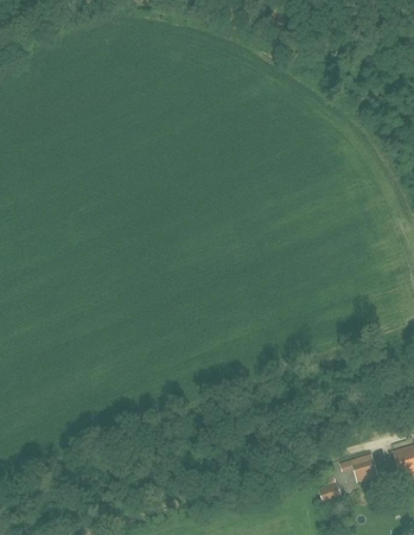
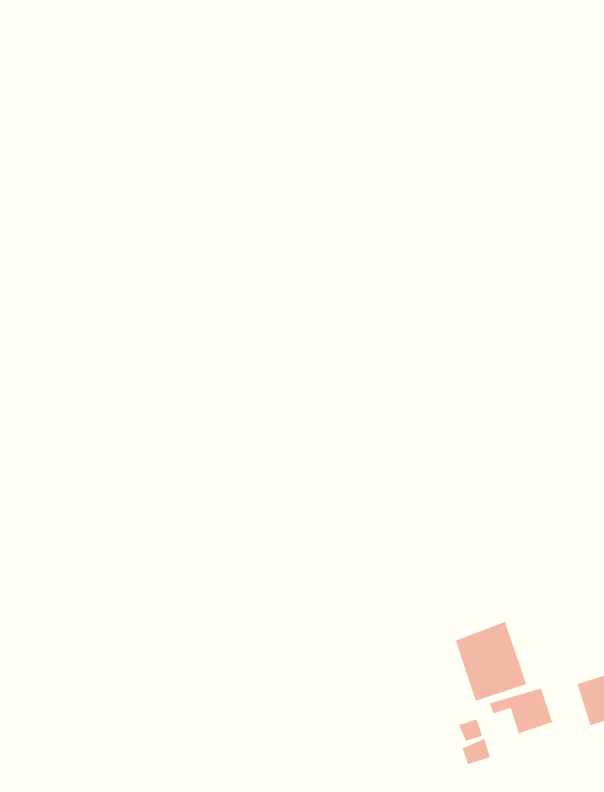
building: none -> [455,621,527,702]

